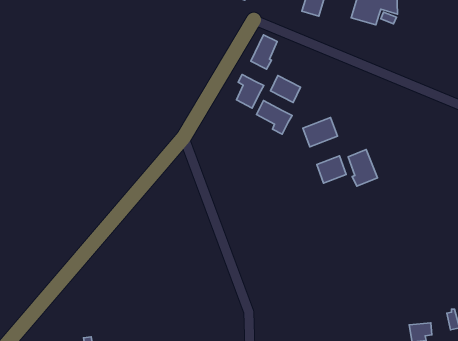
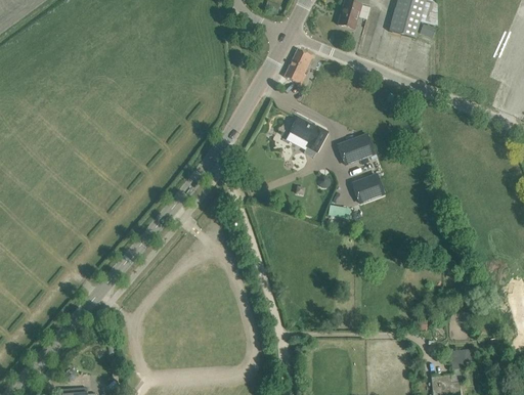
building: [236,75,264,108] -> none
building: [270,76,300,103] -> none
building: [348,149,377,186] -> none

